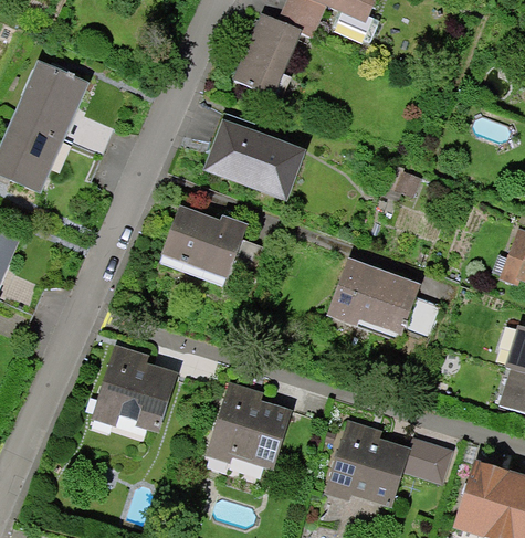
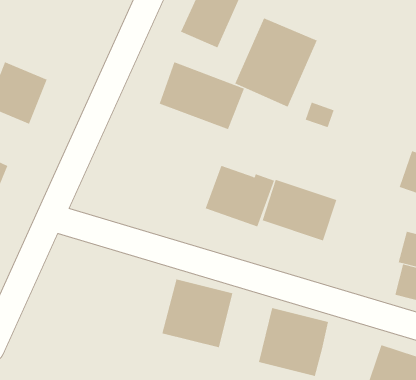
building: [13,61,90,138] -> none
building: none -> [235,18,317,108]
building: [160,208,246,284] -> [205,165,275,227]
building: [91,351,179,435] -> none
building: [406,436,450,478] -> none

